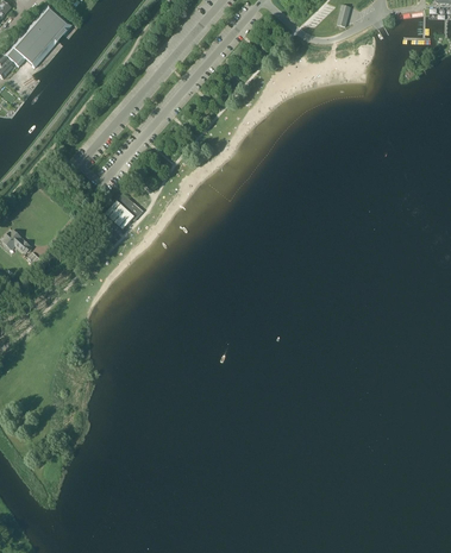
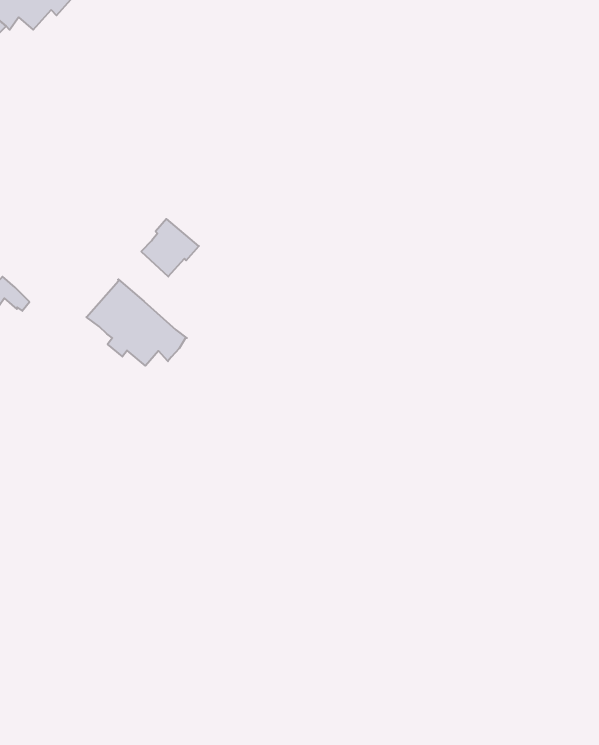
building: none -> [86,279,187,366]

